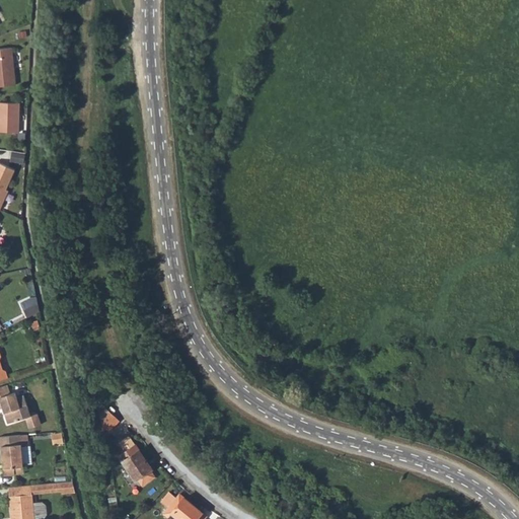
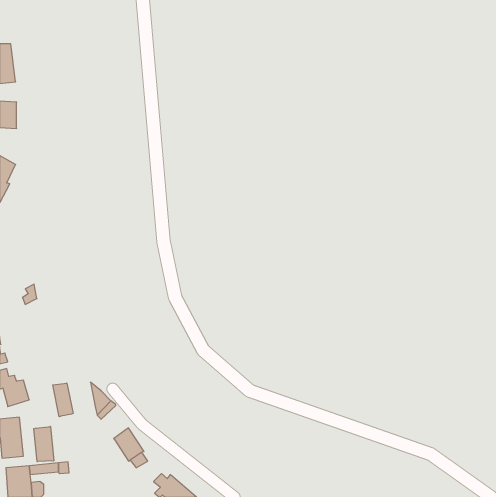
building: none -> [53,383,73,417]
building: none -> [34,426,54,462]

